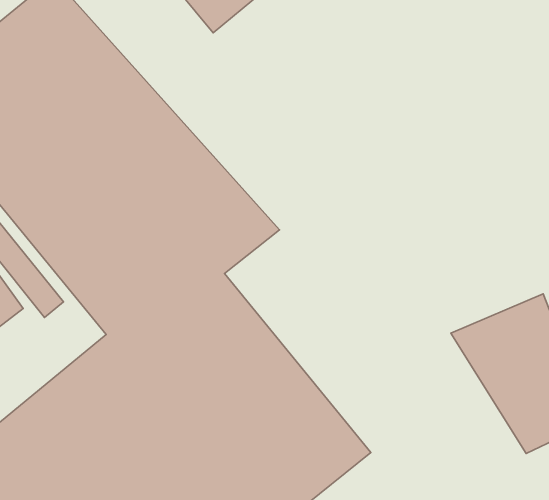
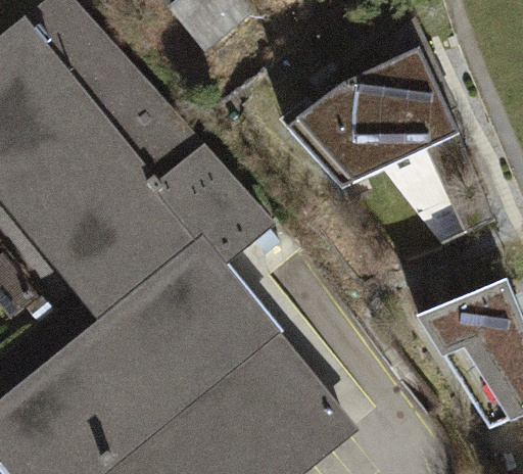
building: none -> [287,21,495,231]

